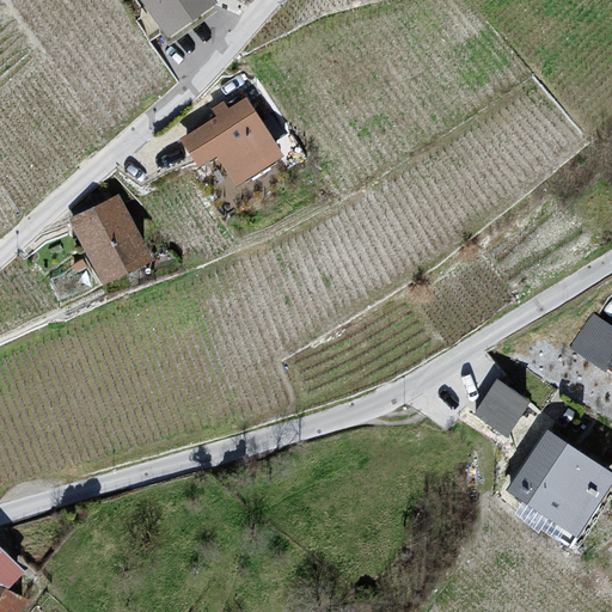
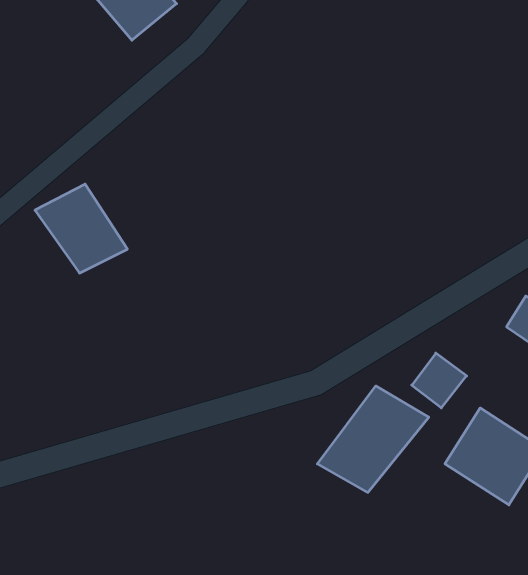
building: [186,103,295,184] -> none
building: none -> [317,386,429,492]

